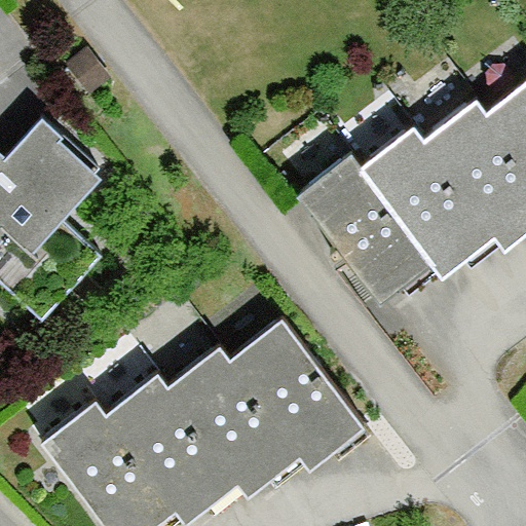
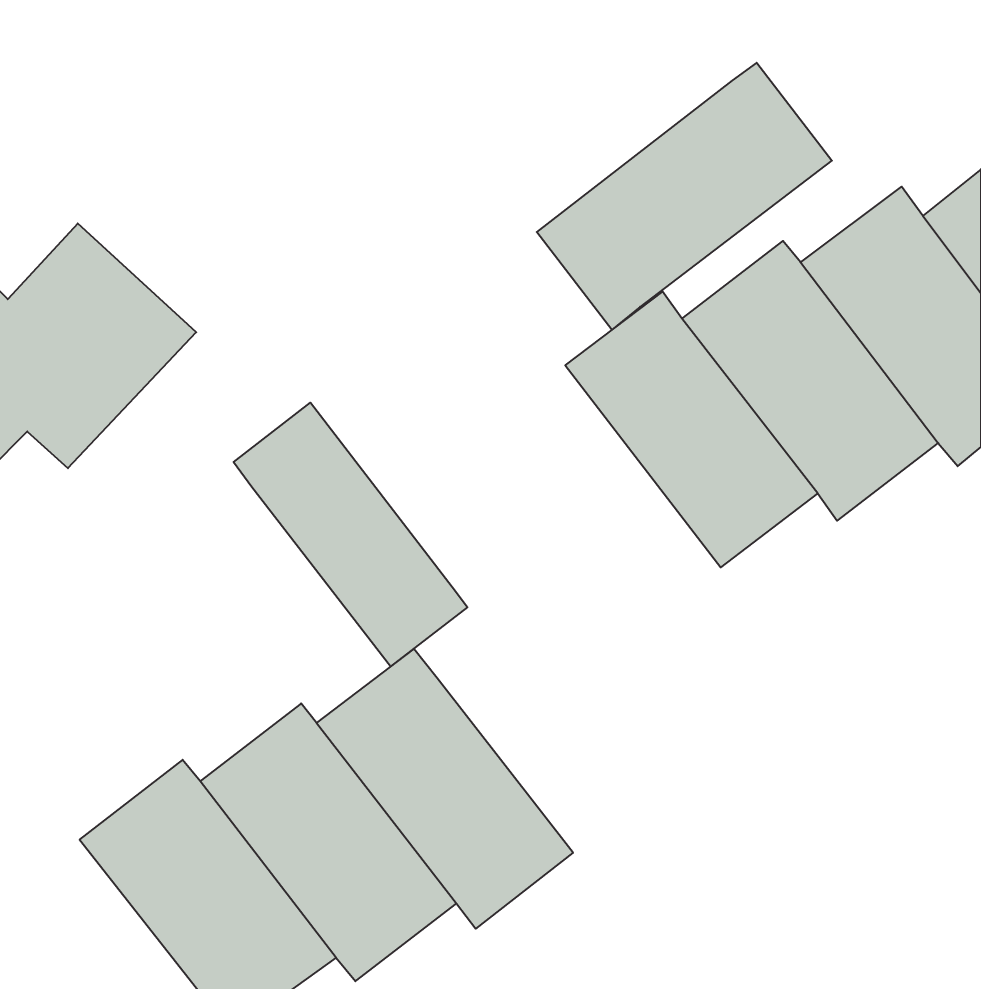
building: none -> [537,63,832,330]
building: none -> [234,403,467,667]
building: [231,322,363,465] -> none

